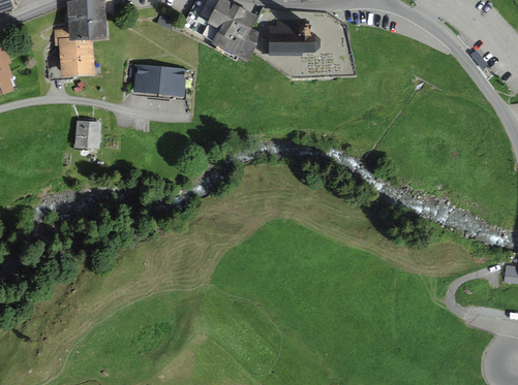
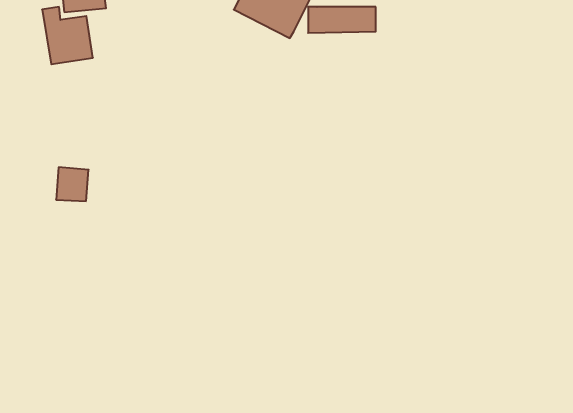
building: [123,62,185,99] -> none
building: [72,119,98,146] -> [56,167,89,201]

